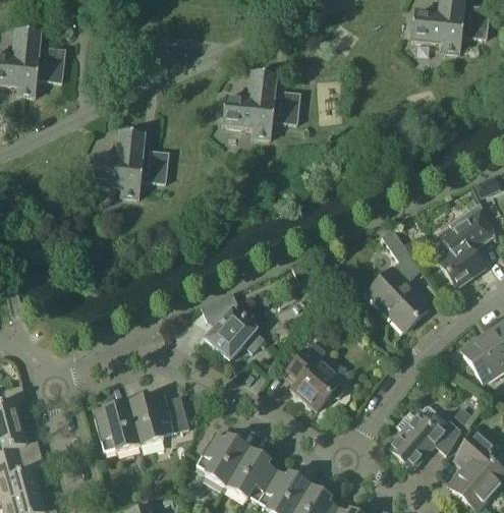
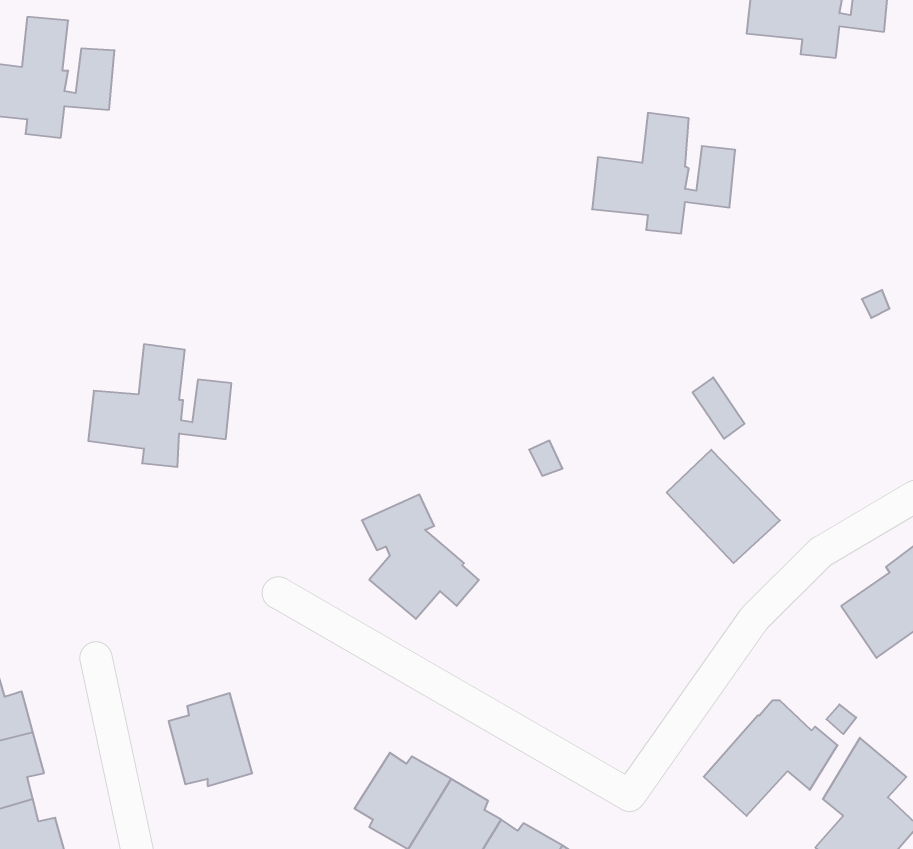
building: [222,72,300,138] -> [592,113,735,233]
building: [91,131,169,198] -> [88,344,231,467]
building: [440,203,494,285] -> none
building: [286,340,343,410] -> none
building: [128,395,189,445] -> none

